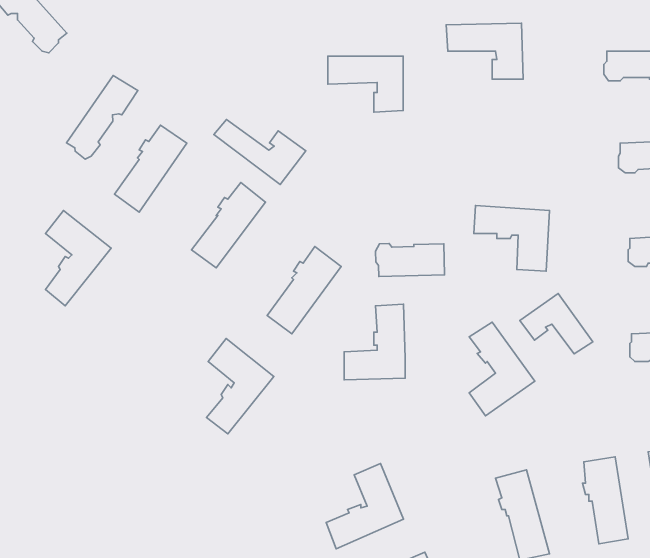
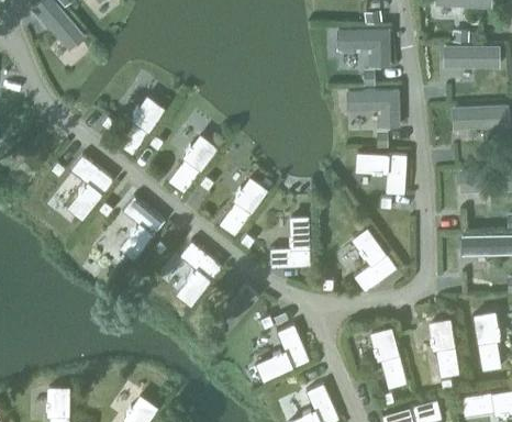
building: [328,56,403,112] -> [347,91,398,129]
building: [67,76,138,159] -> none
building: [214,119,306,185] -> none
building: [376,243,445,276] -> none
building: none -> [121,196,165,259]
building: [520,293,593,354] -> none

